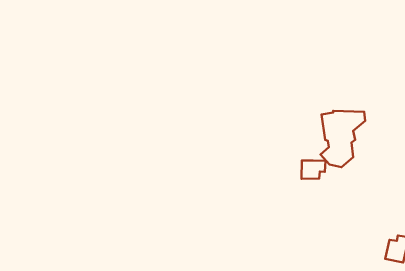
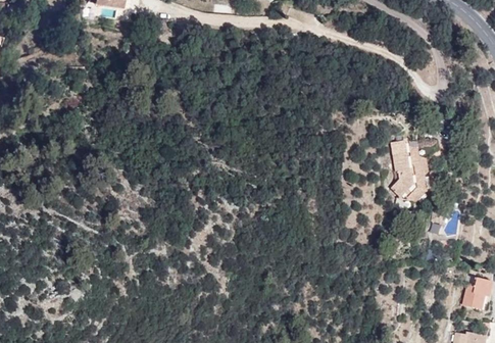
building: [301,161,325,179] -> none

